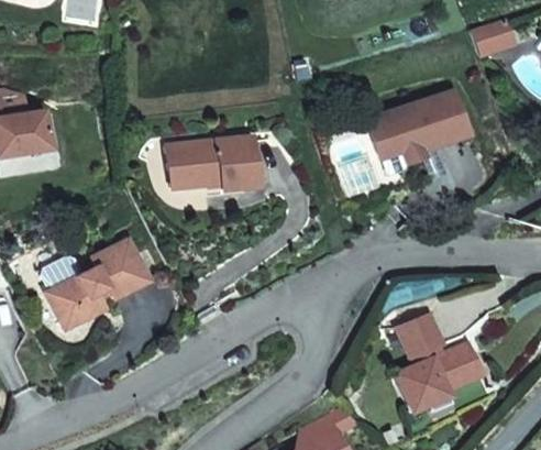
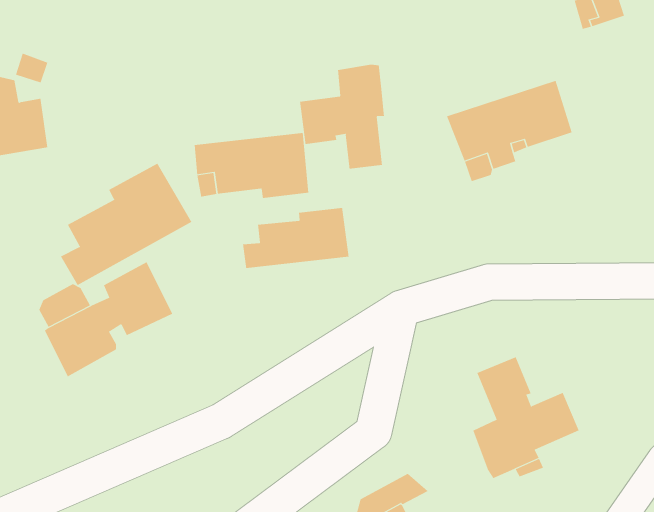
building: none -> [300,64,385,169]
building: none -> [60,163,192,286]
building: none -> [242,207,349,269]

